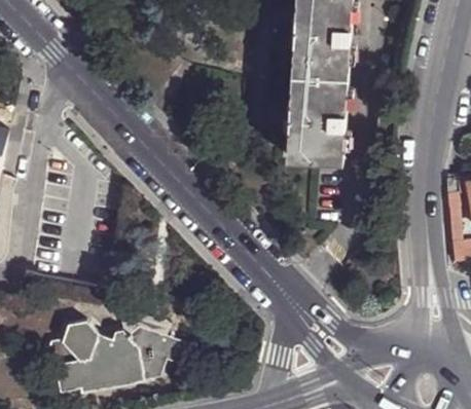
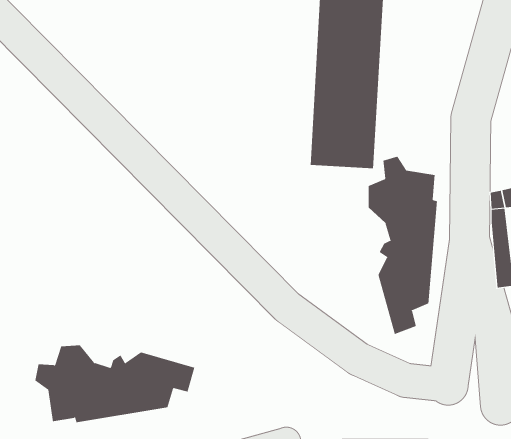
building: none -> [368,156,438,335]

